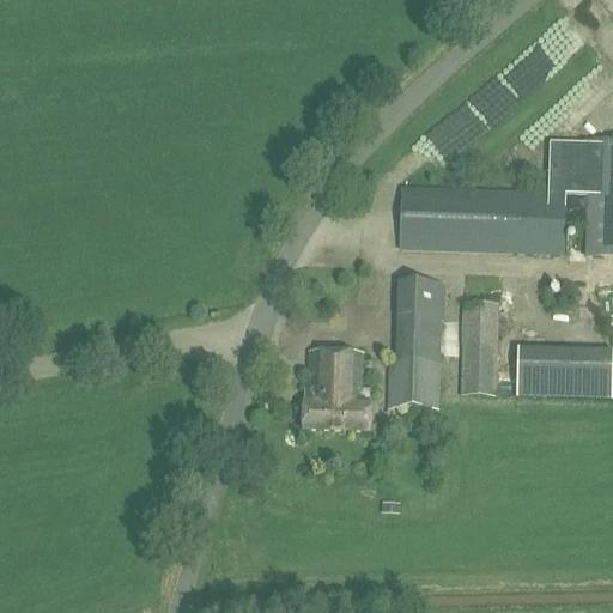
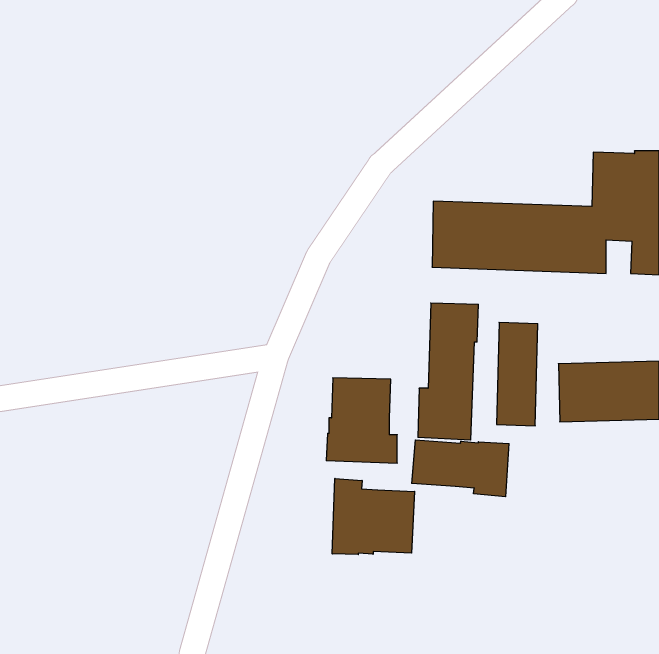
building: none -> [412,440,509,497]
building: none -> [332,478,415,555]

